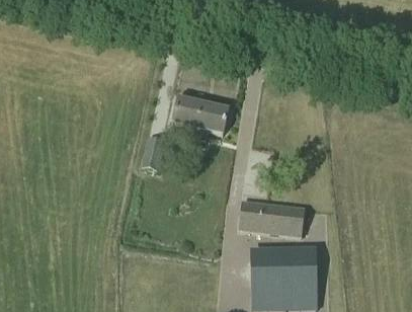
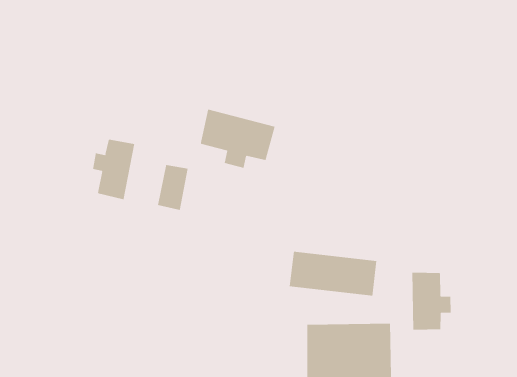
building: none -> [92,139,135,200]
building: none -> [412,272,451,331]

